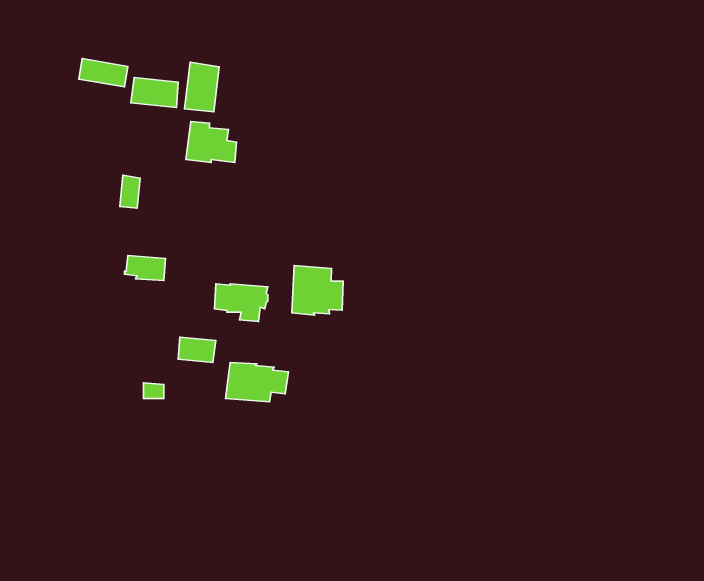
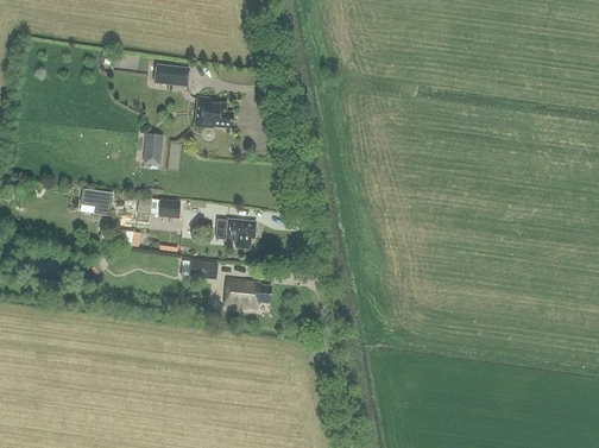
building: [184,62,219,112] -> none
building: none -> [82,188,113,213]
building: [292,266,343,315] -> none

